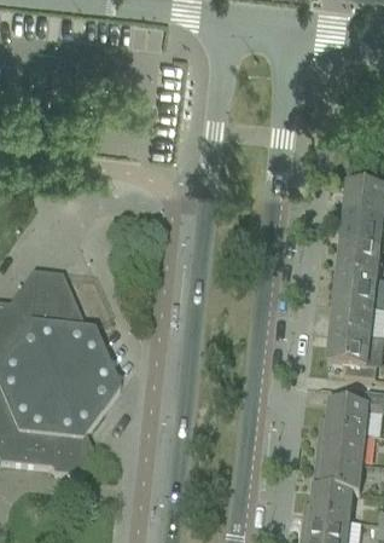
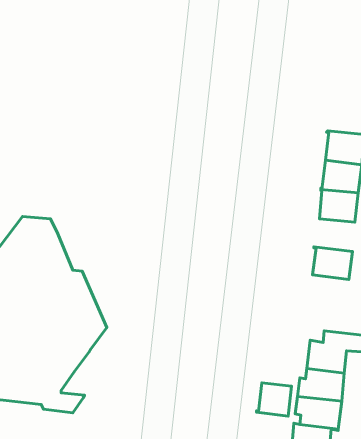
building: [333,273,376,307] -> none
building: [327,331,376,377] -> none
building: none -> [256,383,292,416]

